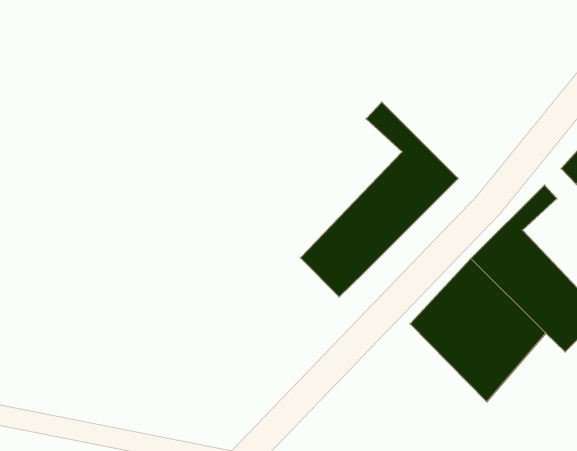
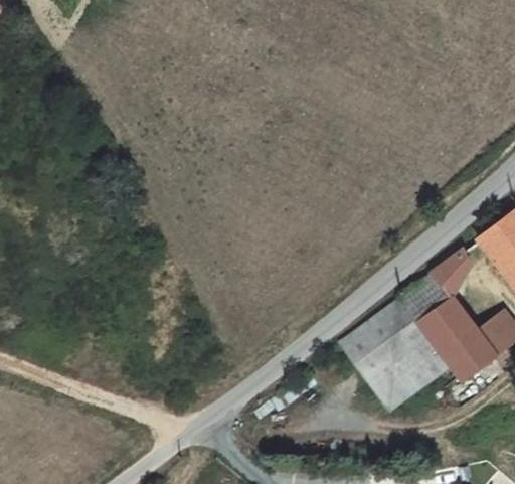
building: [300,102,458,297] -> none

